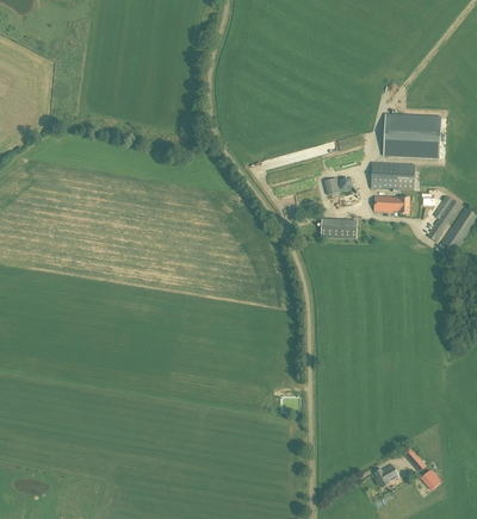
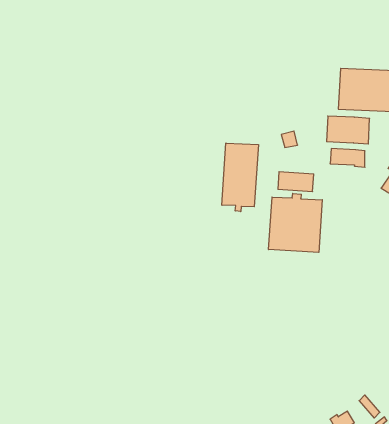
building: none -> [222,143,258,212]
building: none -> [269,193,322,252]

